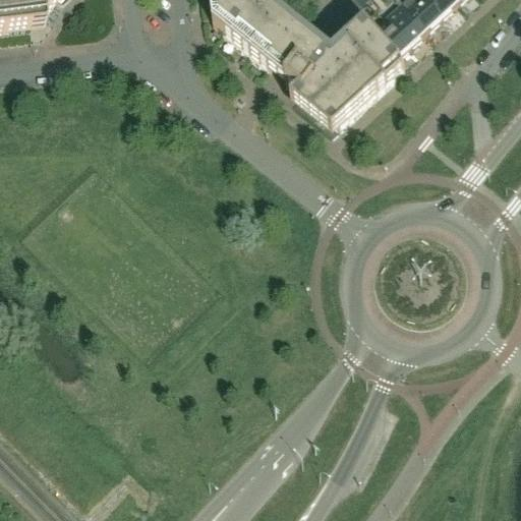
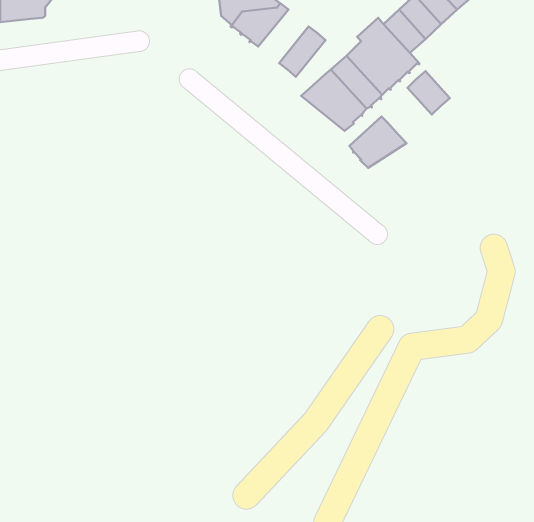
building: [253,9,302,62] -> none
building: [290,39,331,85] -> none
building: none -> [407,71,450,115]
building: none -> [350,116,406,168]

